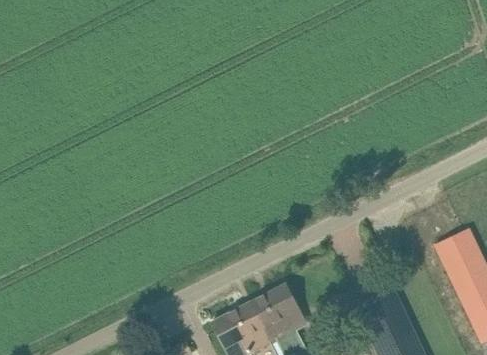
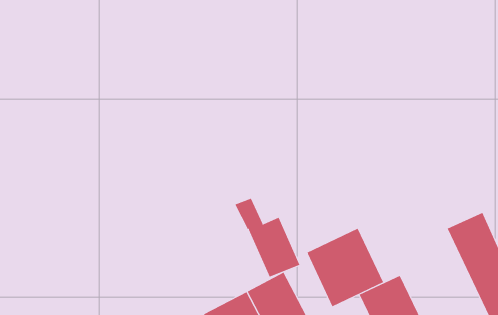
building: none -> [235,198,300,278]
building: none -> [306,228,384,307]

